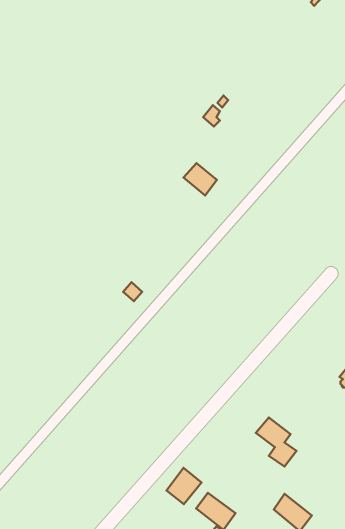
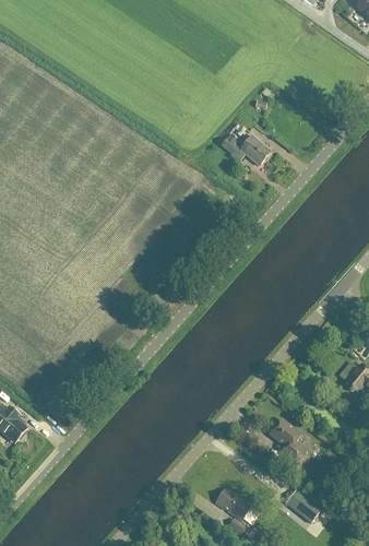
building: [184,163,217,195] -> [238,135,269,165]
building: [166,468,201,504] -> none

